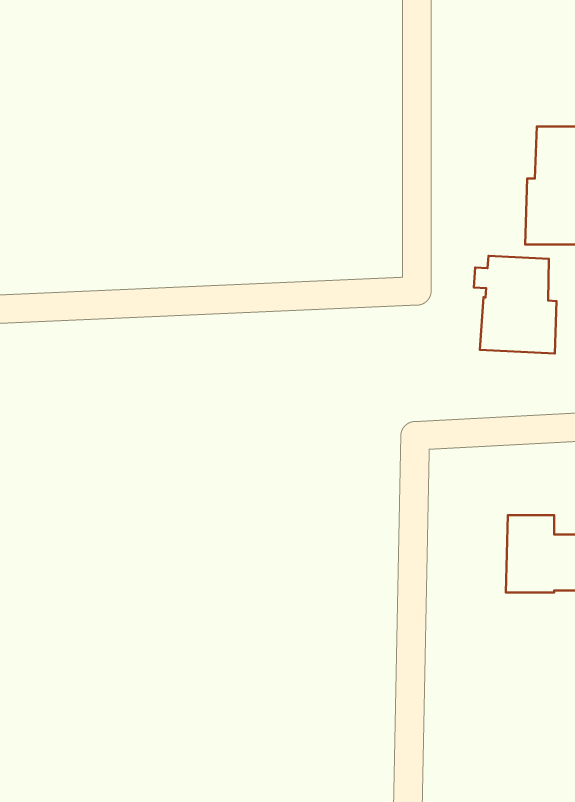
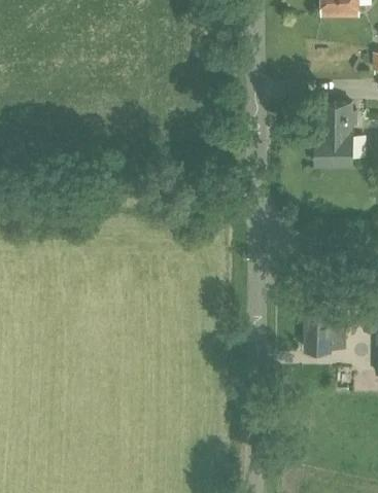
building: [474,256,556,354] -> none

